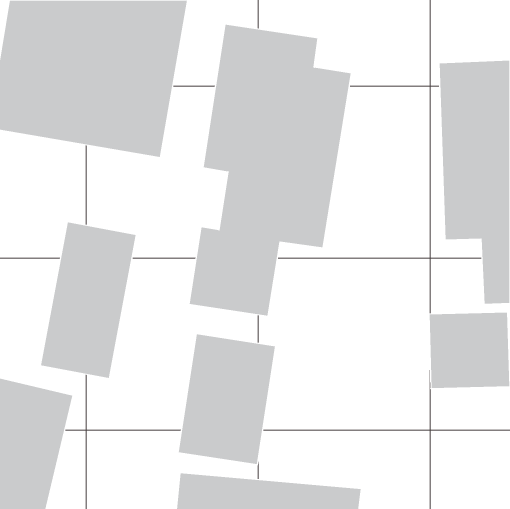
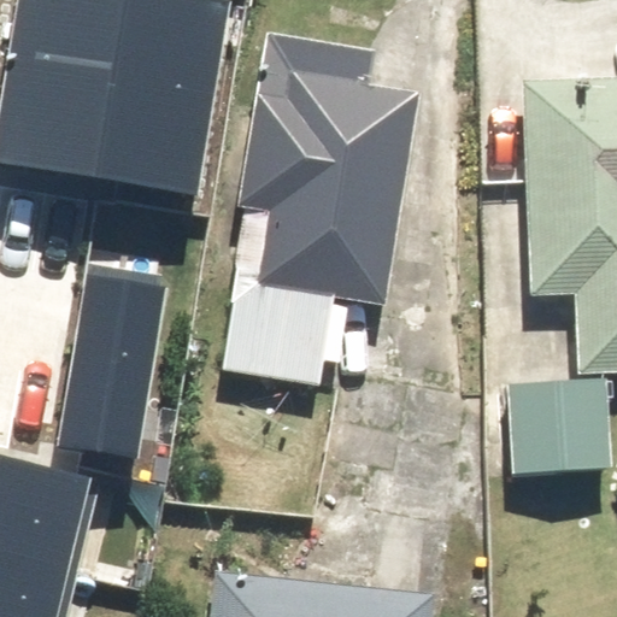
building: [178,333,276,465] -> none

